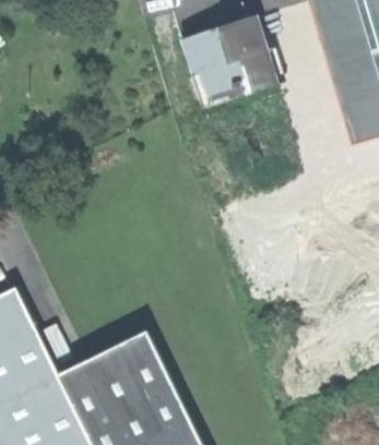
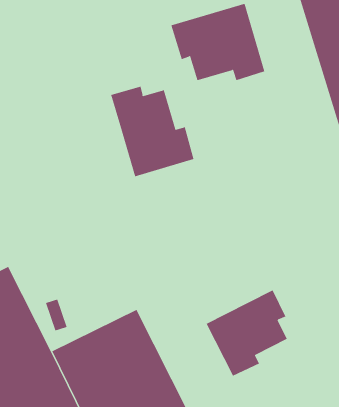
building: none -> [111,86,194,177]
building: none -> [206,290,288,377]

